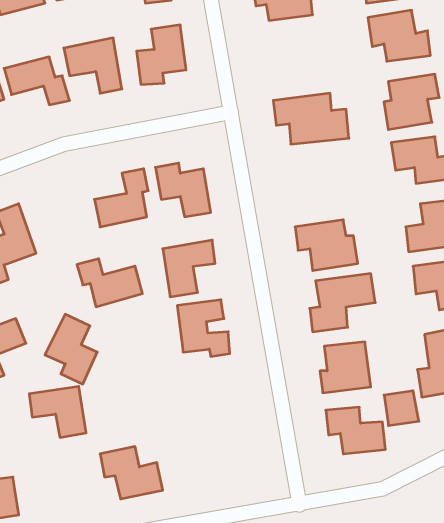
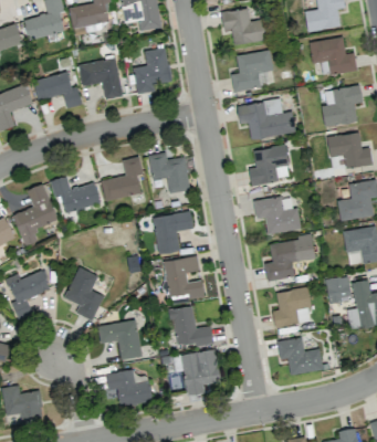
building: none -> [232,51,273,91]
building: none -> [249,146,291,185]
building: [77,259,142,307] -> [51,177,101,213]
building: none -> [170,306,214,347]
building: [29,386,86,437] -> [98,320,142,359]
building: [384,391,419,426] -> [326,276,353,303]
building: none -> [174,350,220,396]

